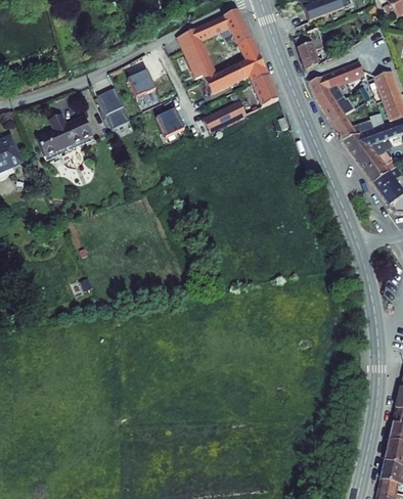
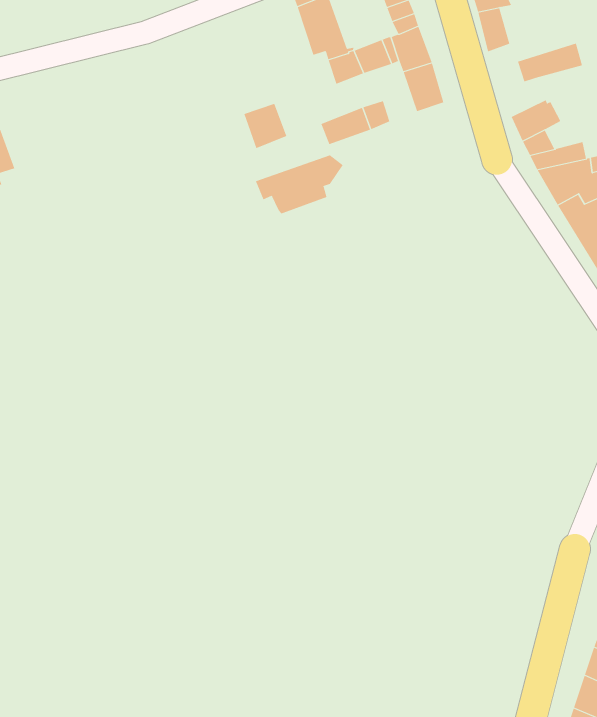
building: [128,71,155,97] -> none
building: [303,72,339,105] -> none
building: [97,88,130,129] -> none
building: [36,118,91,155] -> none
building: none -> [255,155,343,215]

